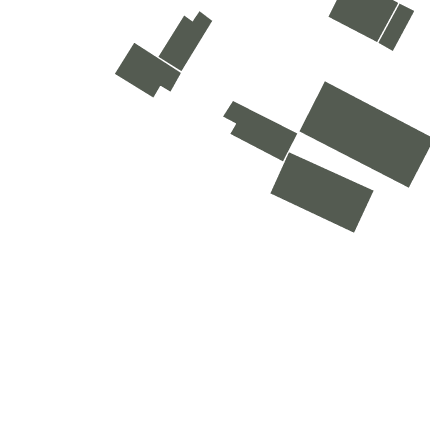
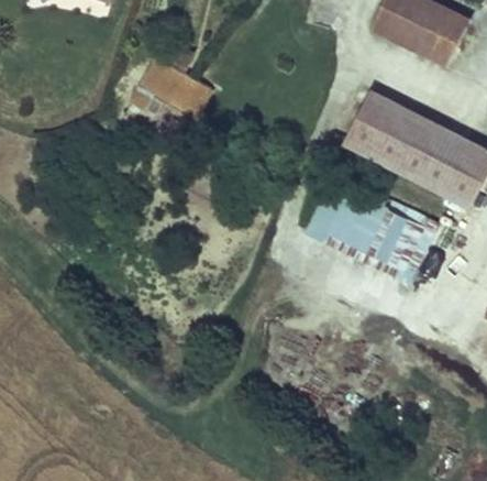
building: [158,10,213,72] -> none
building: [222,100,298,162] -> none

